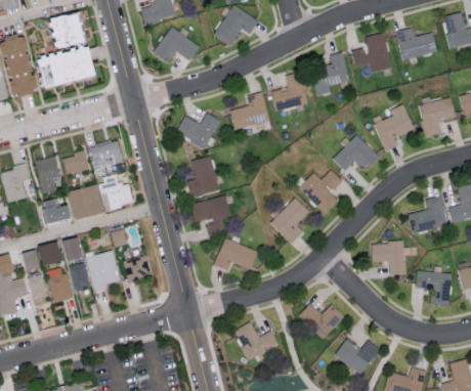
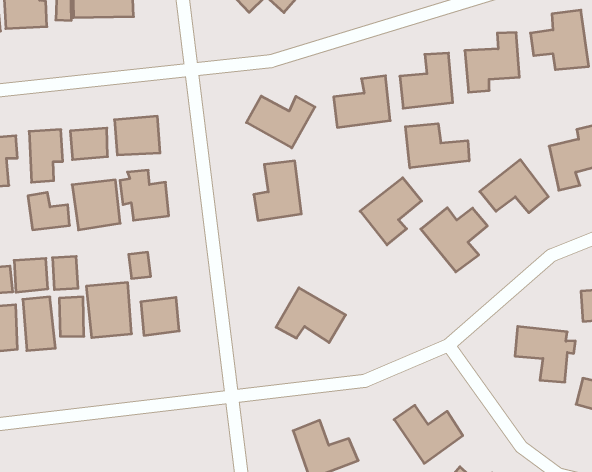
building: none -> [405,124,469,168]
building: [190,196,229,235] -> none
building: [270,198,309,243] -> [360,178,422,245]

